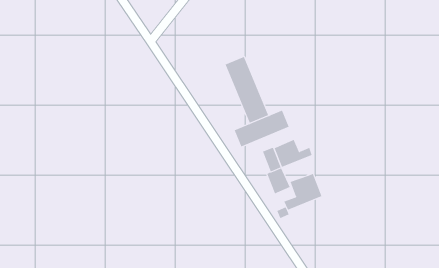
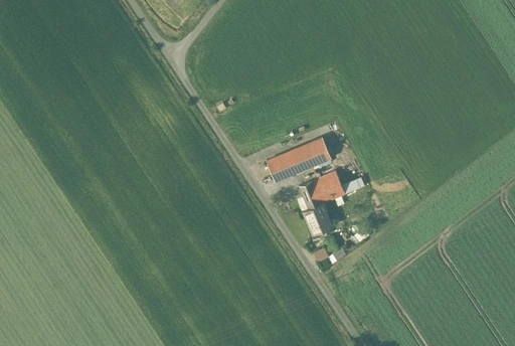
building: [225,56,269,124] -> none
building: [284,173,322,210] -> none

